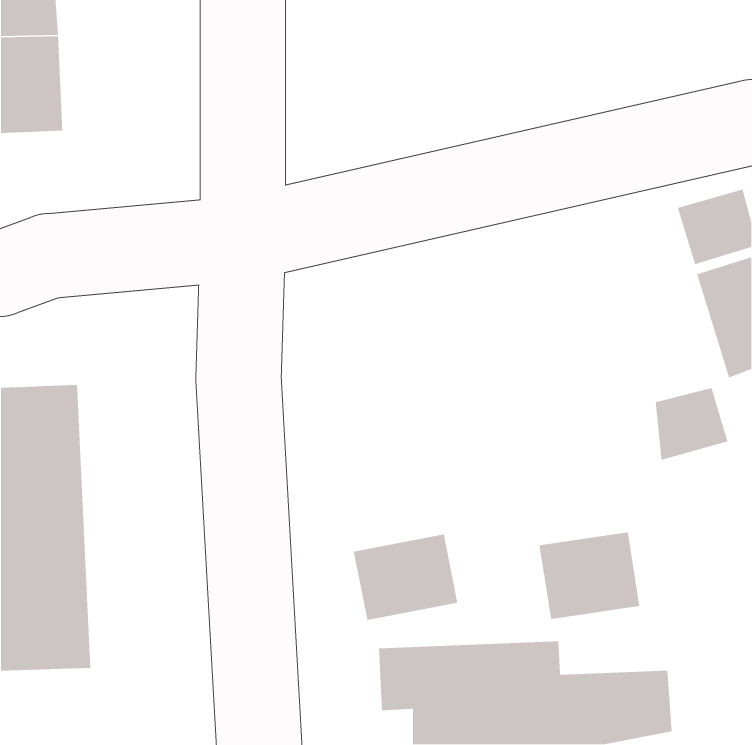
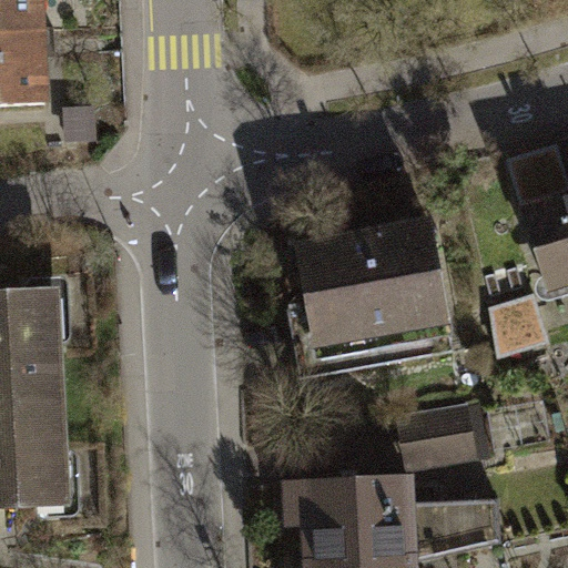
building: none -> [291,221,456,376]
building: [353,533,458,621] -> none

